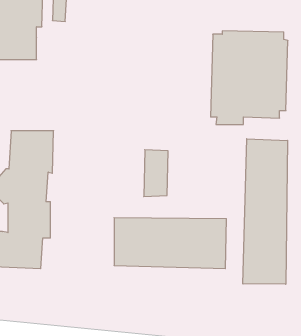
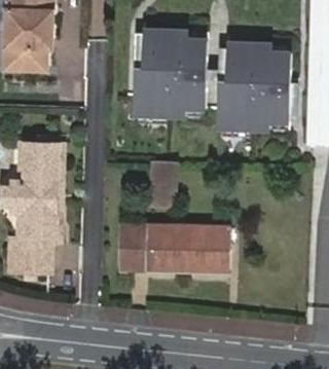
building: none -> [133,28,207,118]
building: [243,139,288,284] -> none

